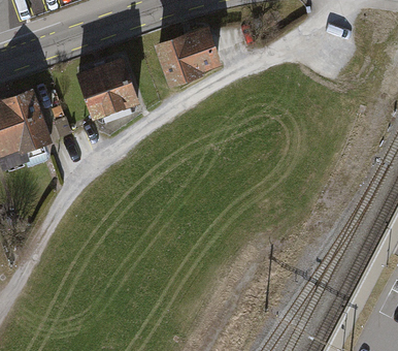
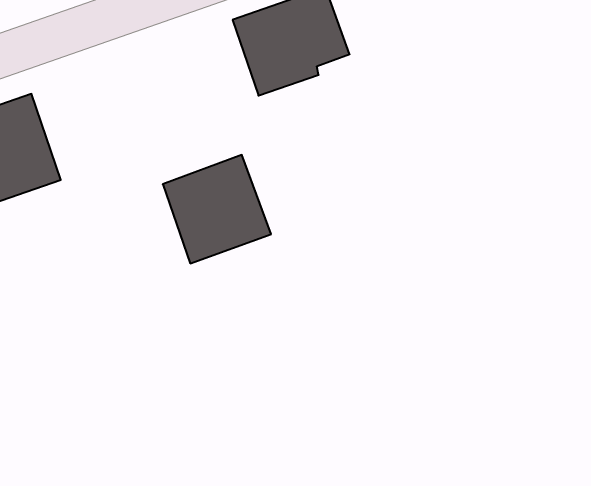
building: [78,57,143,122] -> [163,155,271,263]

